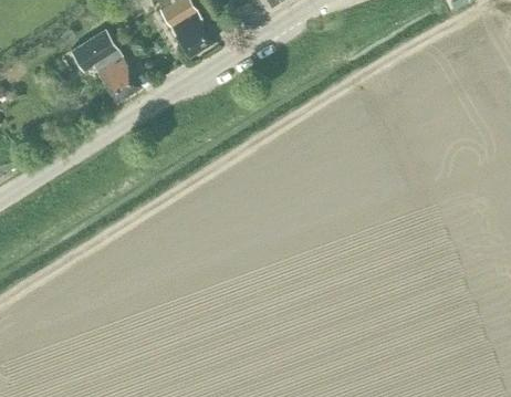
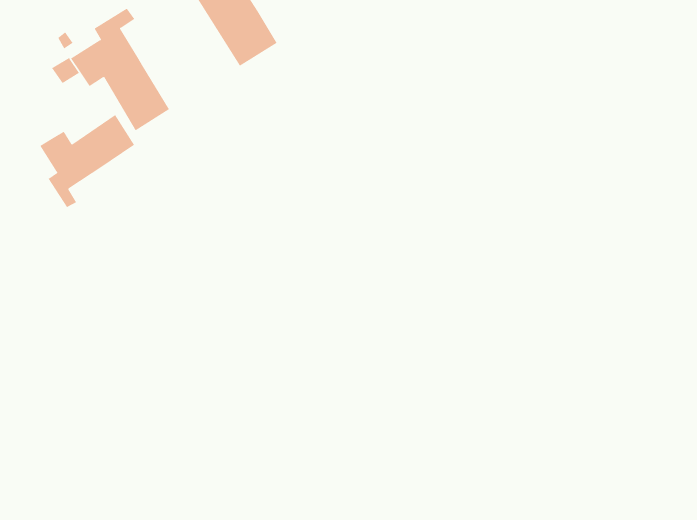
building: none -> [39,114,135,208]

